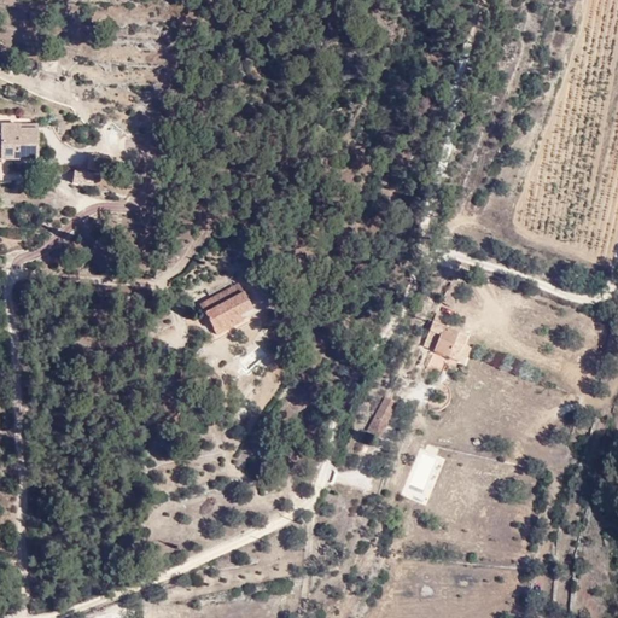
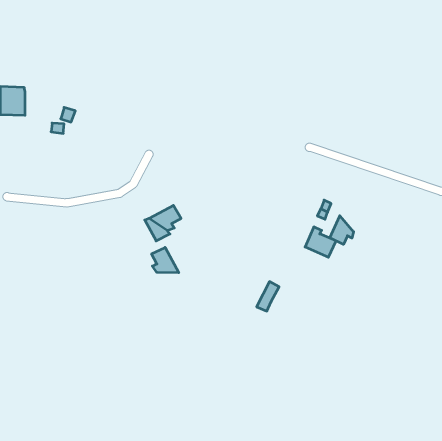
building: none -> [330,216,354,244]
building: none -> [152,247,179,273]

